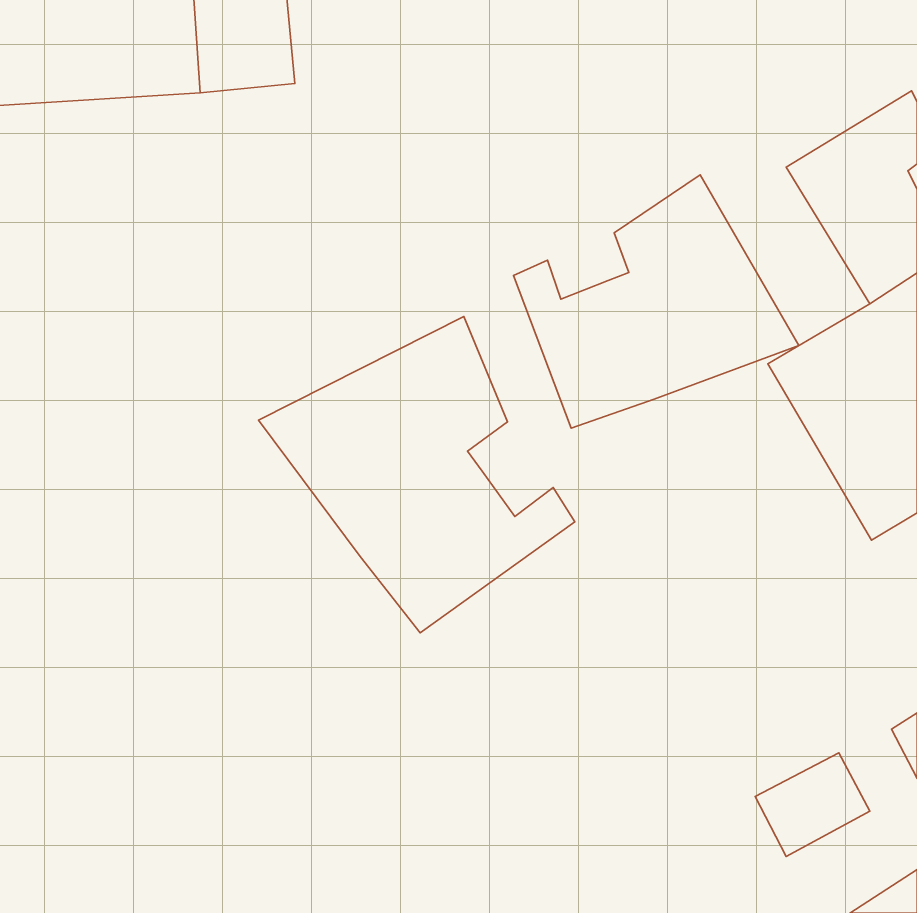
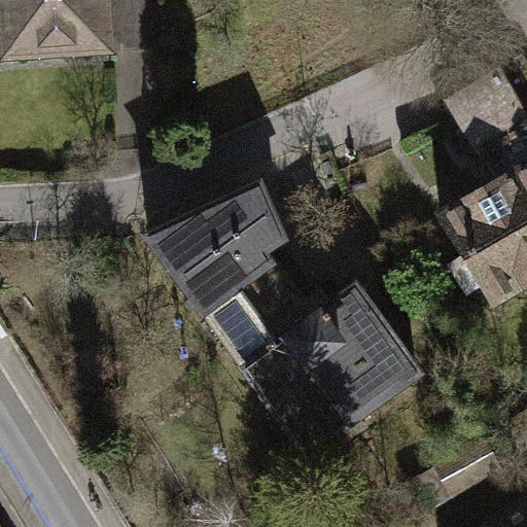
building: [514,175,799,428] -> none
building: none -> [238,275,424,456]

